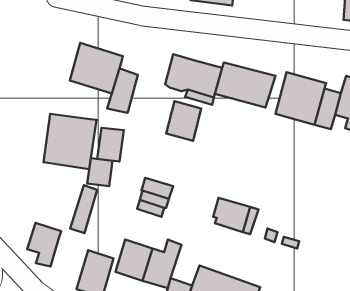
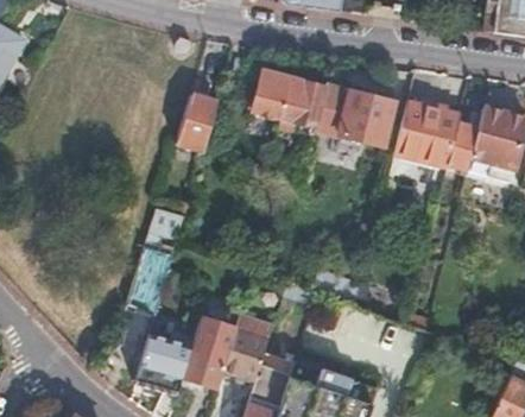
building: [70,43,123,93] -> none
building: [166,101,201,141] -> none
building: [44,114,96,169] -> none
building: [97,128,124,161] -> none
building: [27,223,61,267] -> none

